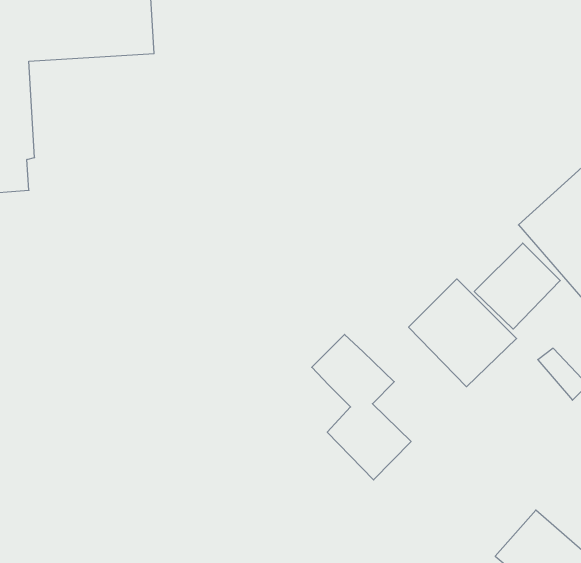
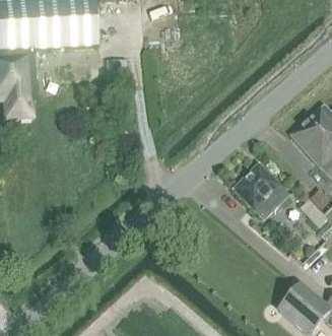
building: [474,243,560,329] -> none
building: [312,334,411,480] -> none

